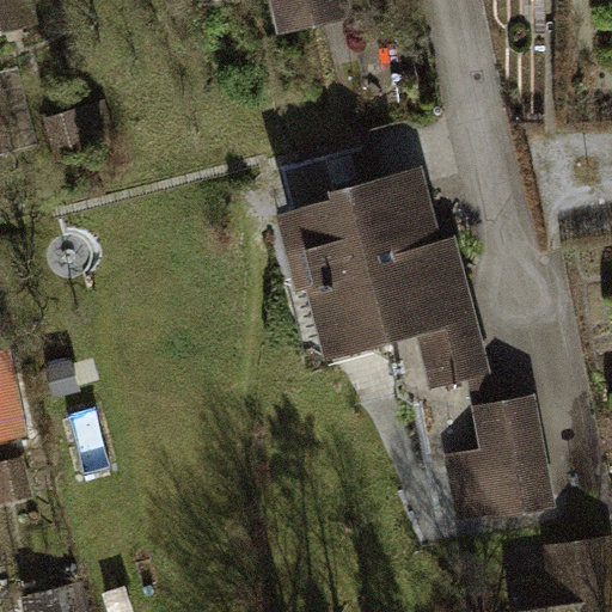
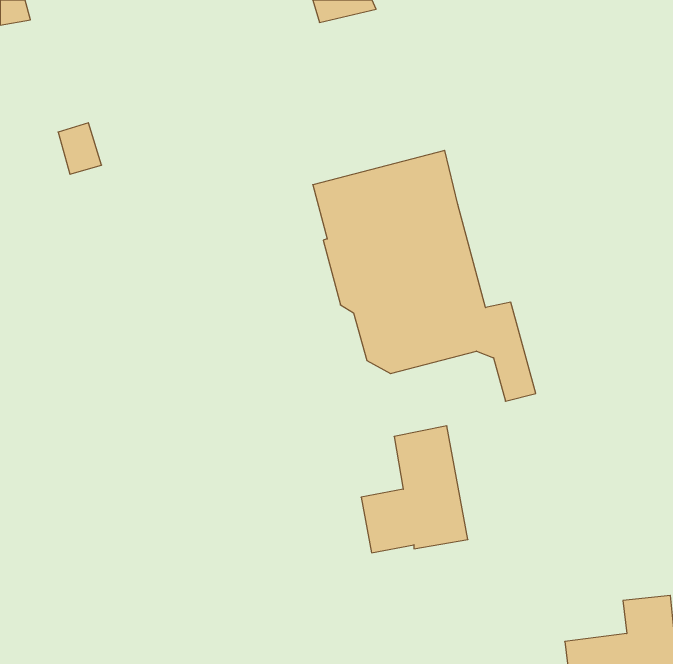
building: [454,409,551,524] -> [361,426,468,553]

